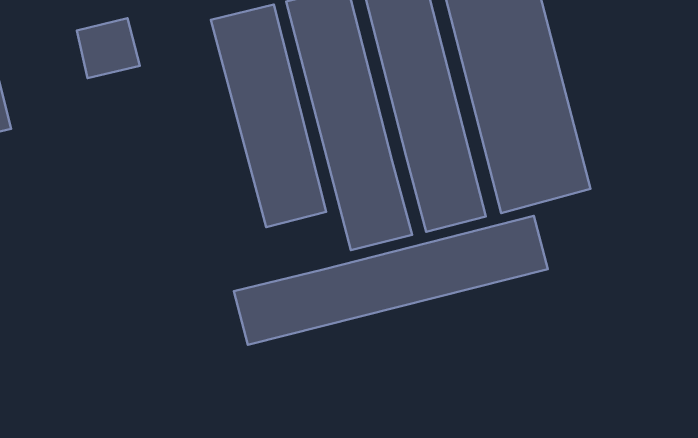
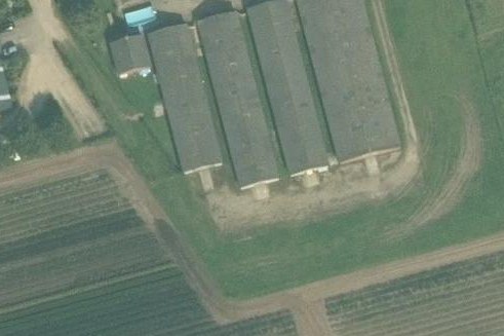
building: [77,18,140,78] -> [110,33,152,73]
building: [234,216,548,345] -> none

